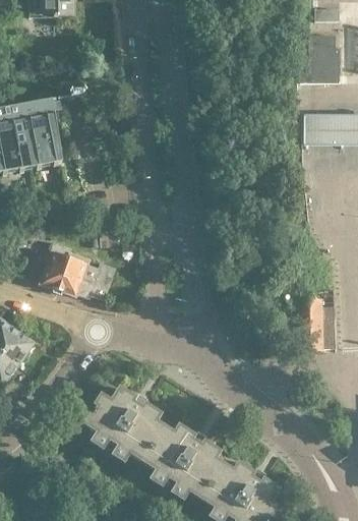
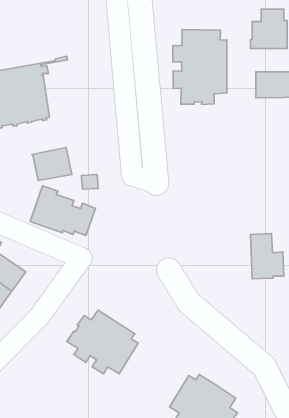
building: none -> [173,30,227,105]
building: none -> [32,148,72,181]
building: [142,424,224,500] -> none

